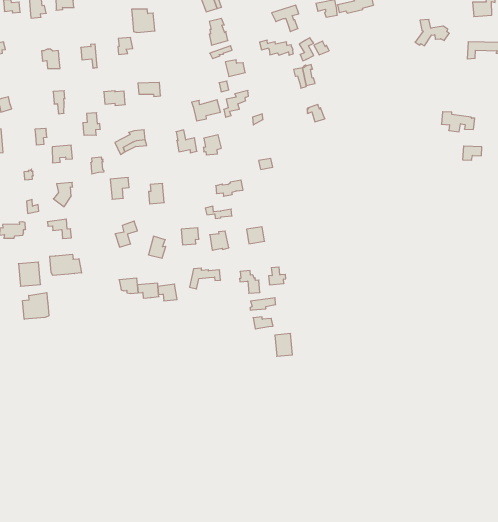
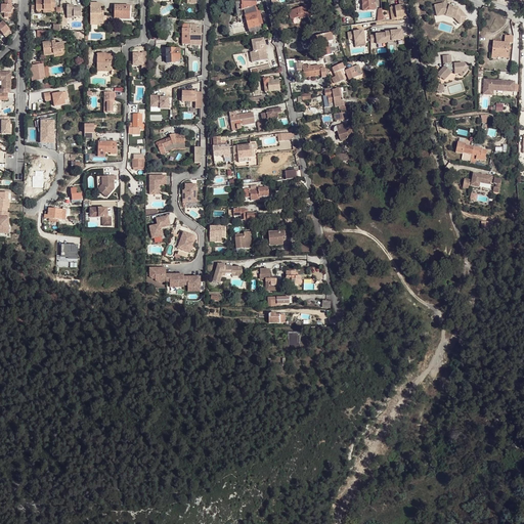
building: [50,254,82,275] -> none
building: [23,293,49,319] -> none

